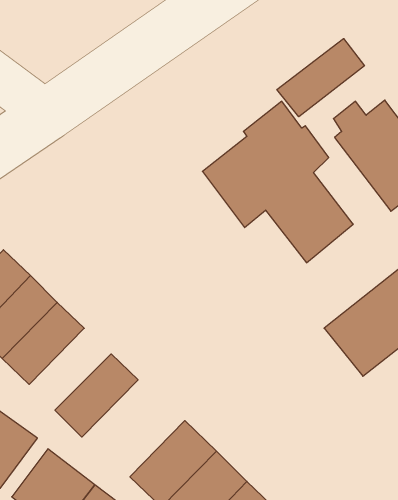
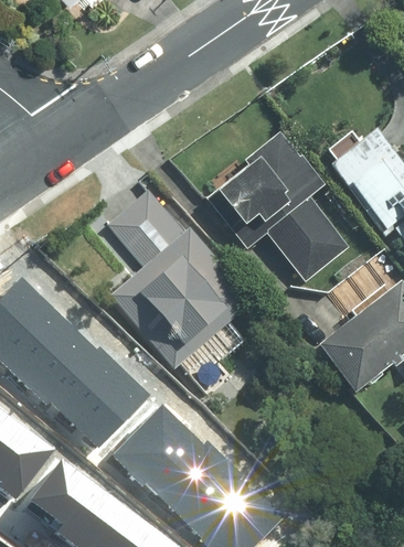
building: [277,39,364,117] -> none
building: none -> [106,191,256,371]
building: none -> [44,345,121,422]
building: none -> [109,404,191,485]

